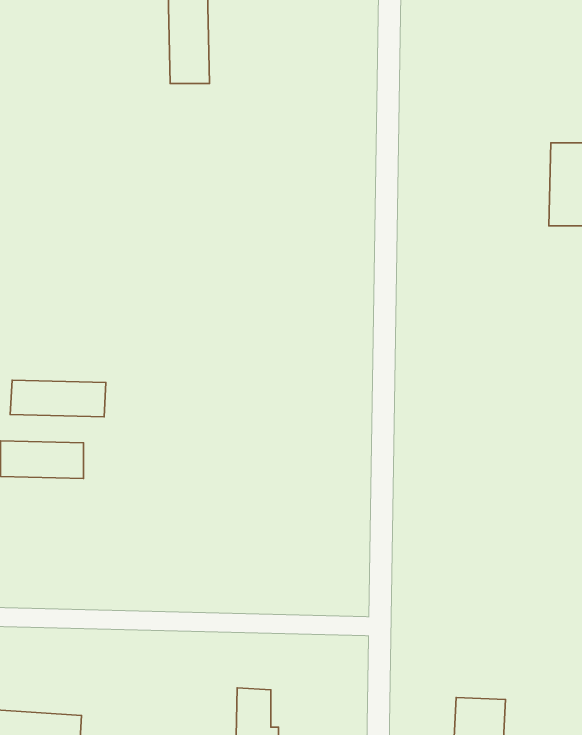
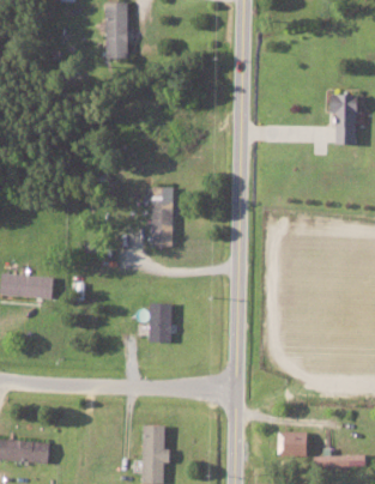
building: none -> [149,187,173,247]
building: [10,380,106,417] -> none
building: none -> [147,303,171,343]

